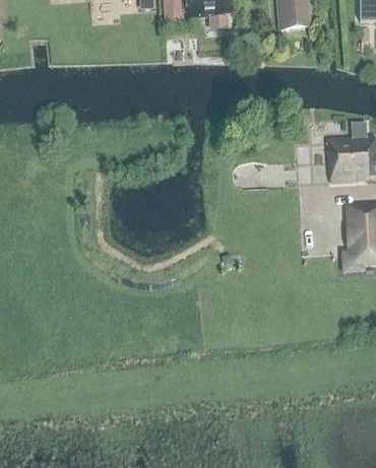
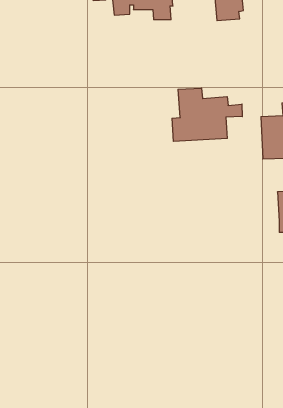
building: none -> [172,88,242,141]

